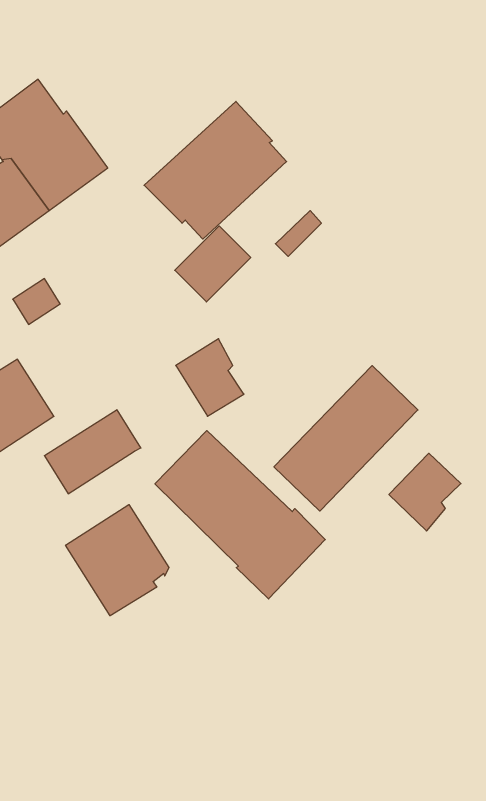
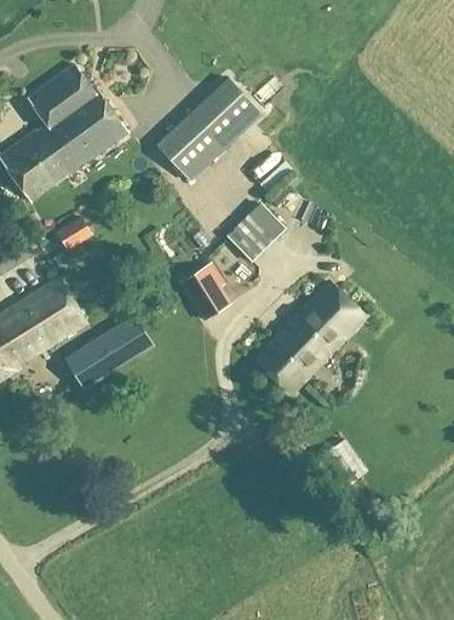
building: [175,226,251,302] -> [226,202,285,260]
building: [155,431,325,599] -> none
building: [389,453,461,531] -> none
building: [66,505,169,616] -> none

